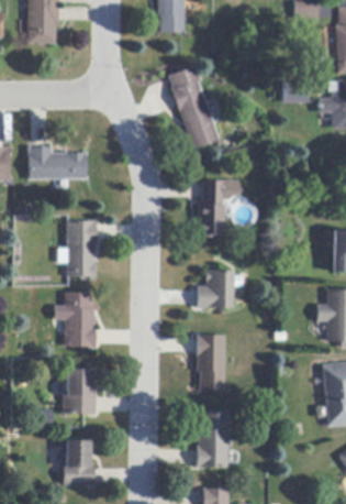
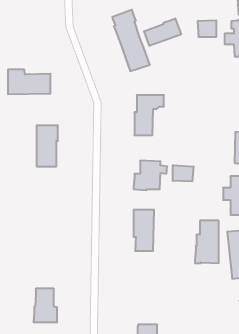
building: none -> [144,18,181,46]
building: none -> [173,165,193,181]
building: [55,293,97,347] -> none
building: [64,369,98,414] -> none
building: [197,410,228,468] -> [195,221,219,263]

